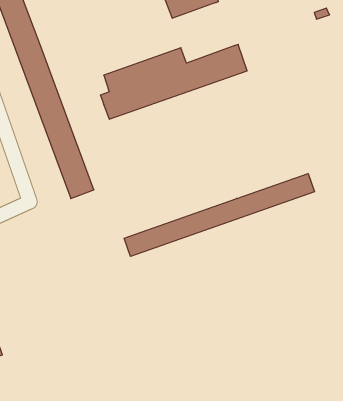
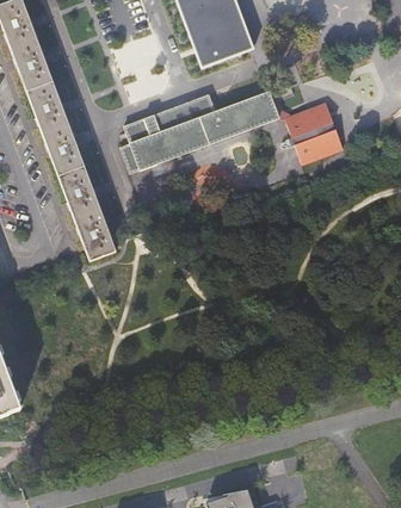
building: none -> [283,99,341,157]
building: [124,174,314,256] -> none

